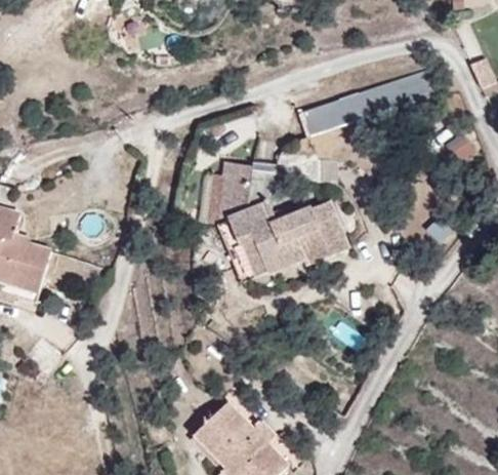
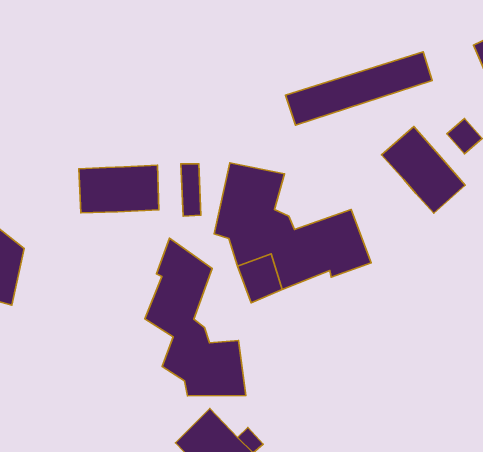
building: none -> [381,127,465,213]
building: none -> [79,165,159,213]
building: none -> [145,238,246,396]

